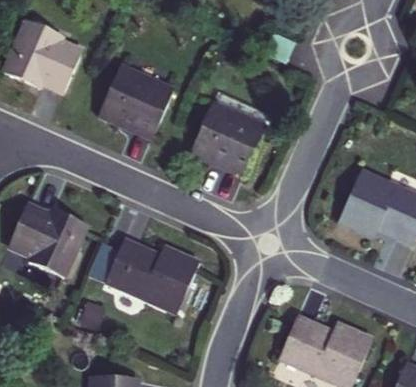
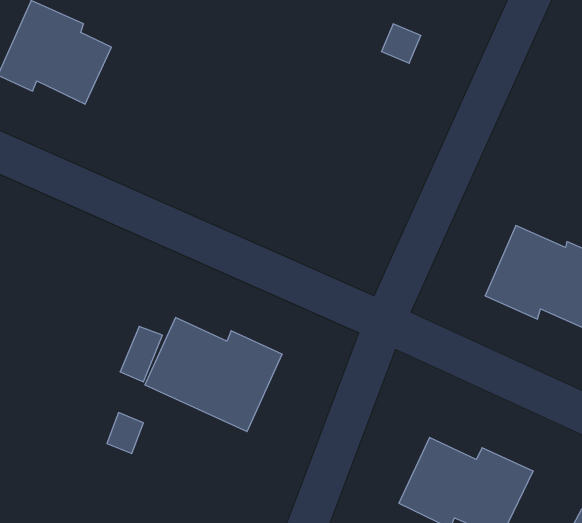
building: [99,66,174,137] -> none
building: [190,106,263,176] -> none
building: [10,203,90,276] -> none

